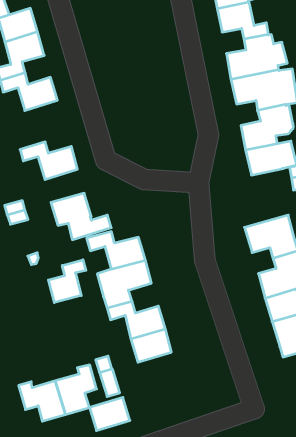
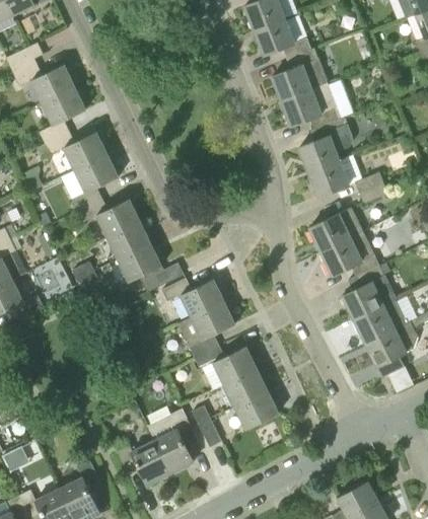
building: none -> [71,153,119,210]
building: none -> [101,220,150,258]
building: none -> [308,208,362,250]
building: [48,260,86,303] -> none
building: [89,397,130,431] -> [234,390,278,429]

